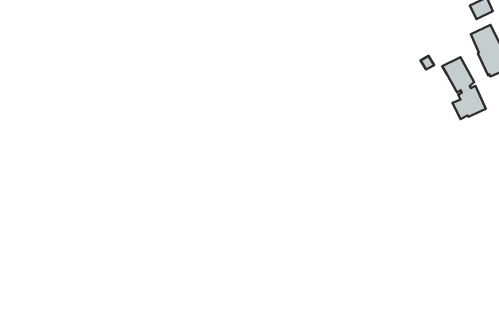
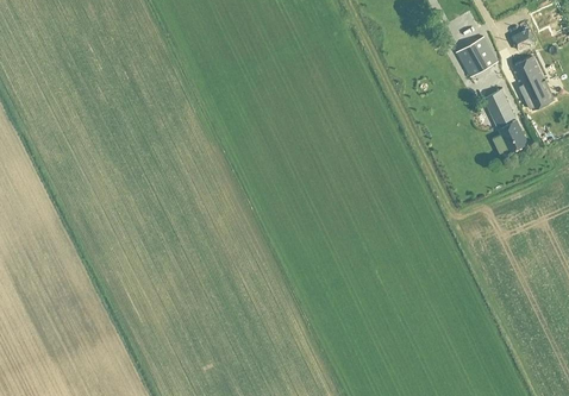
building: none -> [455,36,496,75]

